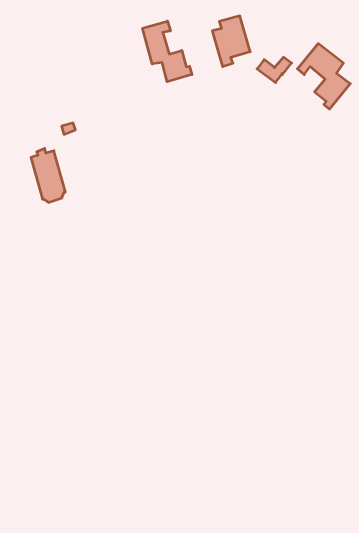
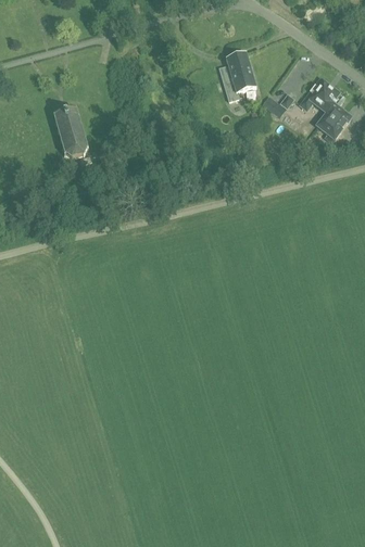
building: [143,21,192,82] -> none
building: [31,148,65,202] -> [54,106,87,157]

